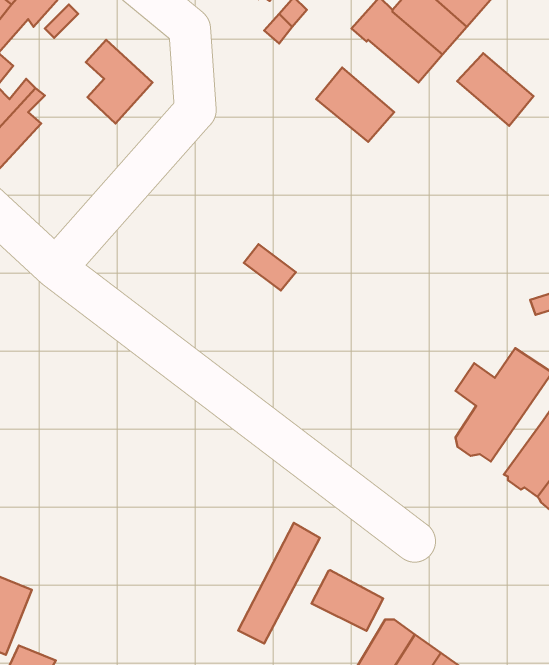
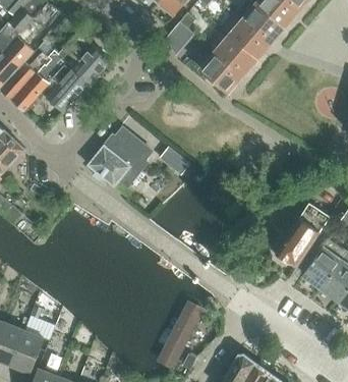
building: [457,53,533,126] -> [214,36,255,75]
building: none -> [46,65,90,112]
building: none -> [86,127,151,186]
building: [311,570,383,631] -> none

